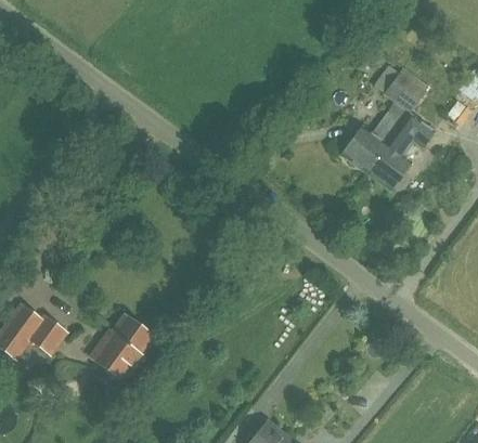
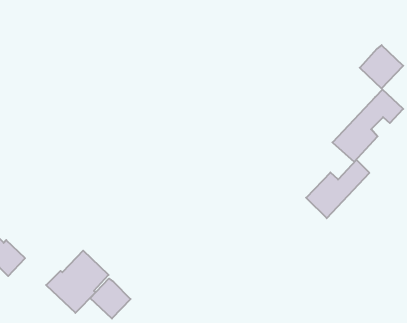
building: [341,109,403,173] -> [306,160,369,218]
building: none -> [90,279,131,319]

